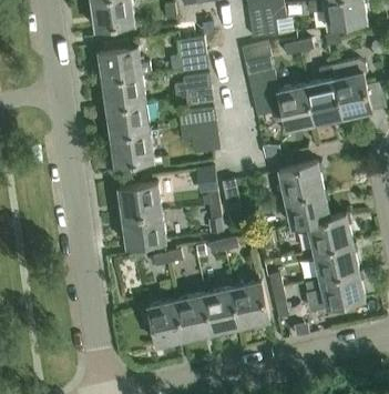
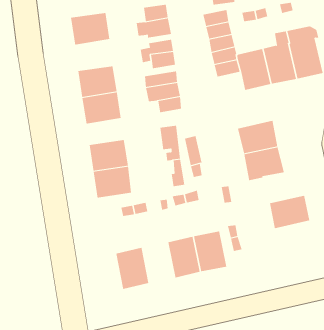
building: [103,74,145,109] -> none
building: [307,214,352,252] -> none
building: [319,271,365,309] -> none
building: [176,294,212,339] -> none

